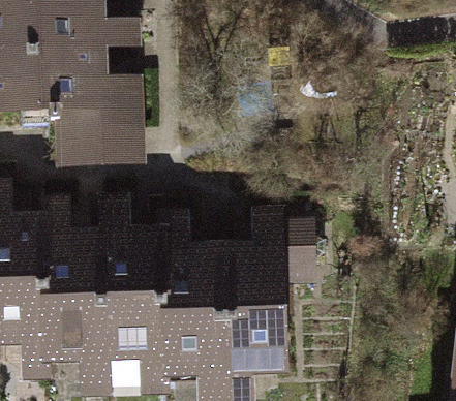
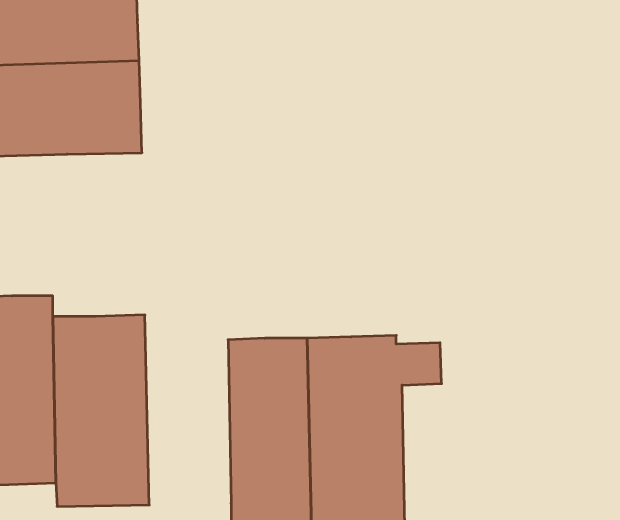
building: [54,110,144,158] -> none
building: [109,224,170,360] -> none

